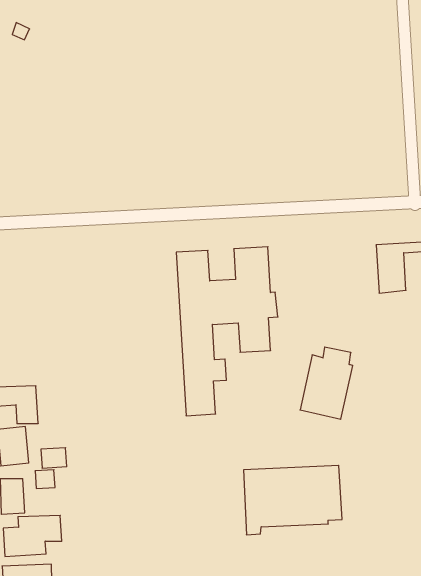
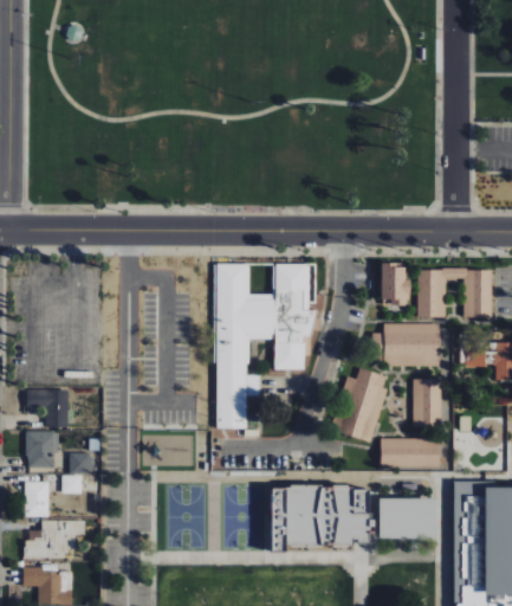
building: none -> [381,263,409,304]
building: none -> [371,323,439,366]
building: none -> [413,379,441,426]
building: none -> [380,437,439,465]
building: none -> [378,498,435,540]

